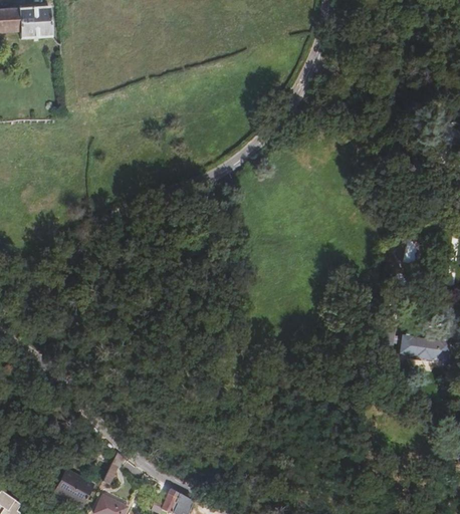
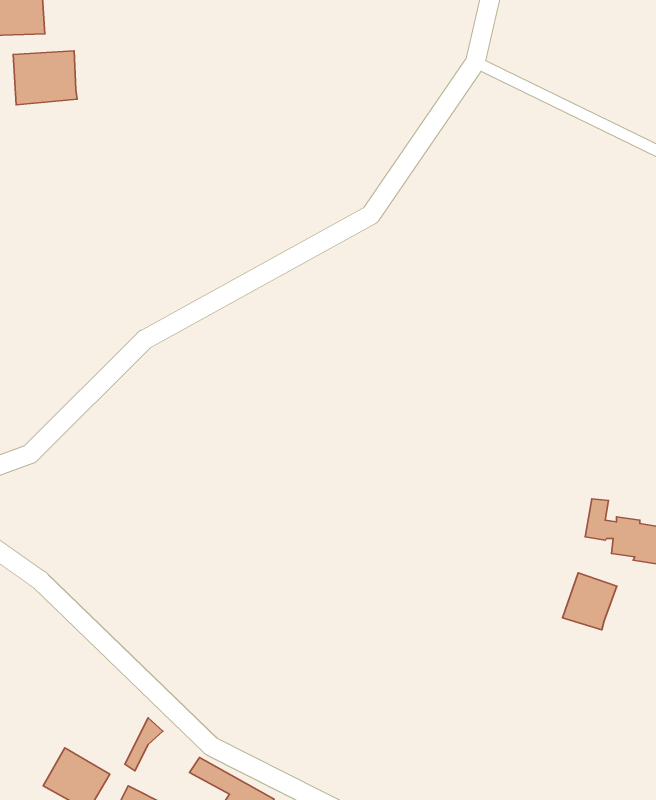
building: none -> [13,51,77,105]
building: none -> [562,573,617,630]

